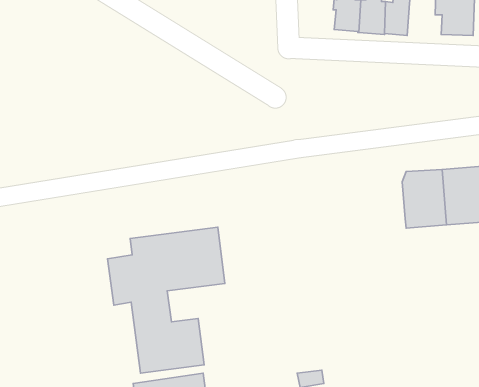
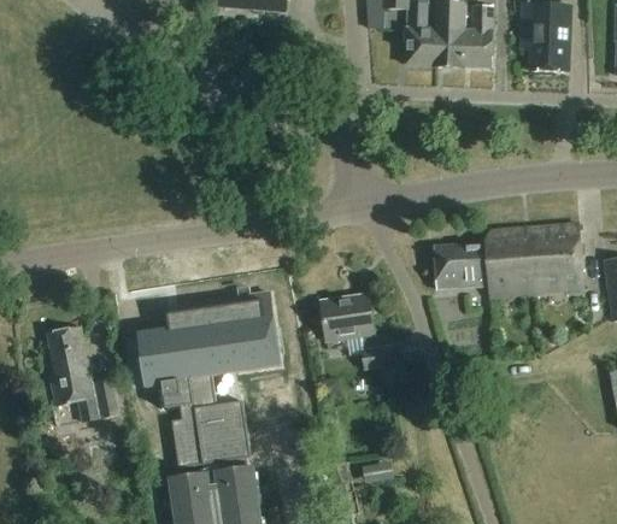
building: none -> [434,242,488,289]
building: none -> [321,295,394,369]
building: none -> [47,326,118,424]

